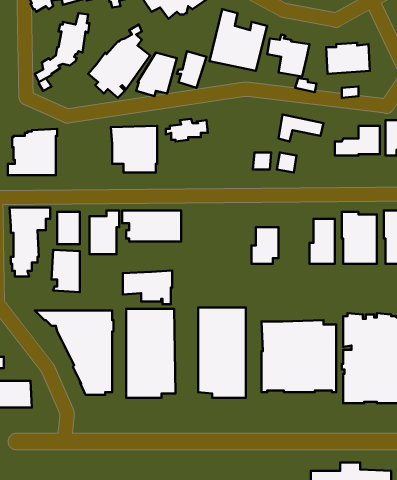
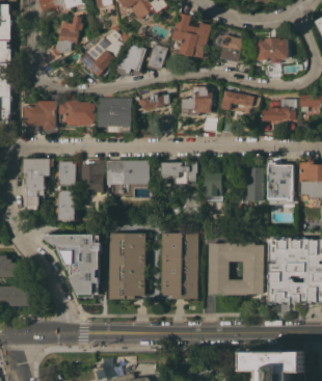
building: none -> [182,86,215,116]
building: none -> [60,101,95,134]
building: [123,271,172,304] -> [161,161,197,186]

